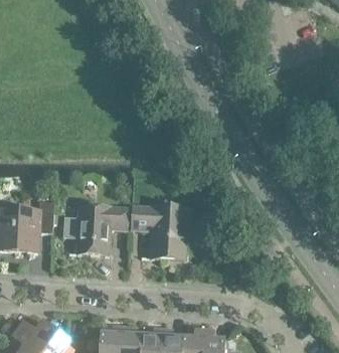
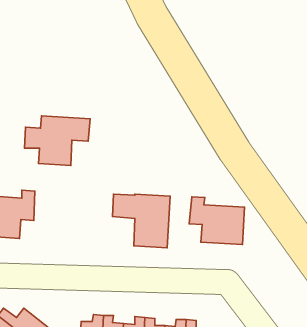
building: [61,204,127,253] -> [24,116,90,165]
building: none -> [189,197,244,245]

